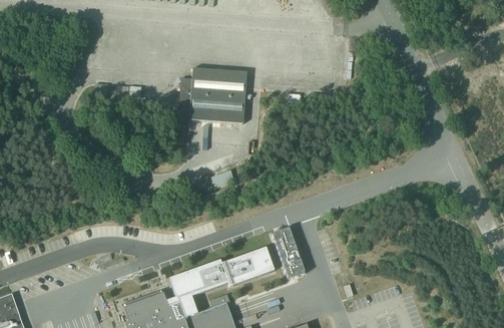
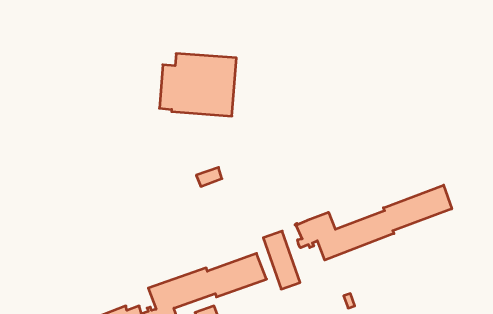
building: none -> [295,185,452,260]

